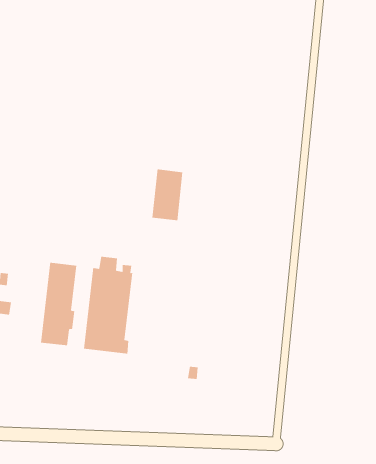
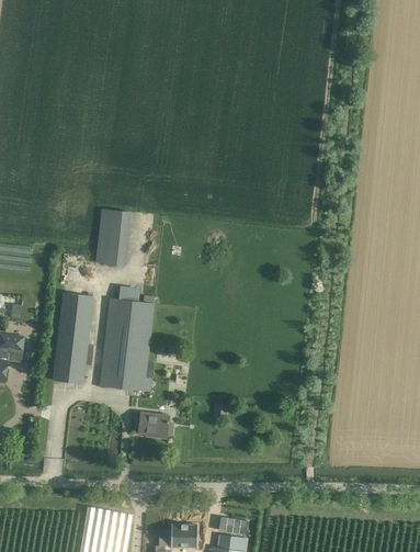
building: [152,169,183,221] -> [97,210,130,266]
building: none -> [136,413,171,439]

